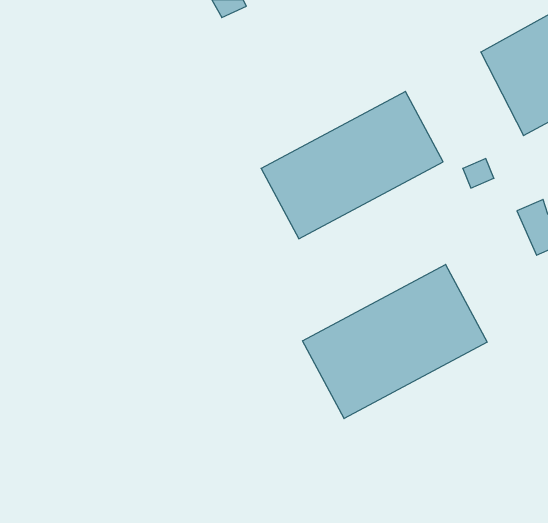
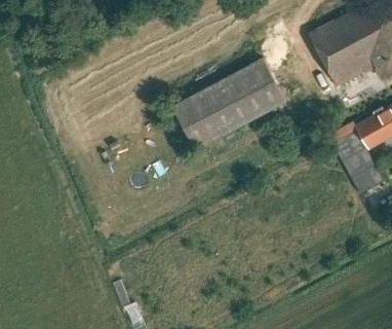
building: [303,264,487,419] -> none

